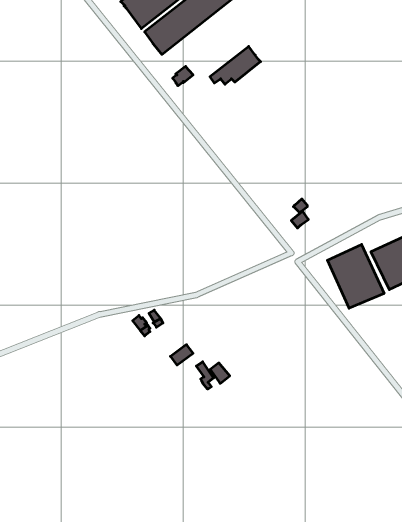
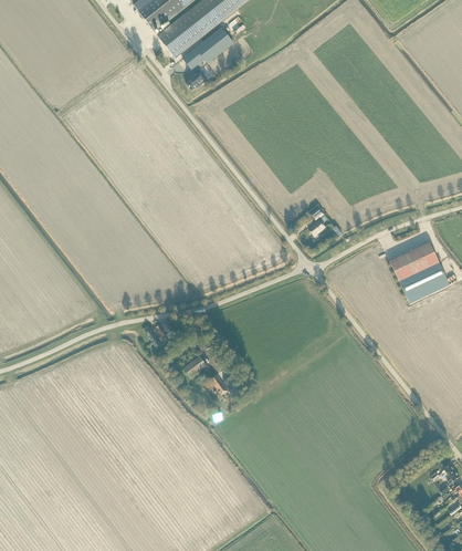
building: [210,46,261,84] -> [182,27,234,65]
building: [327,244,384,308] -> none

